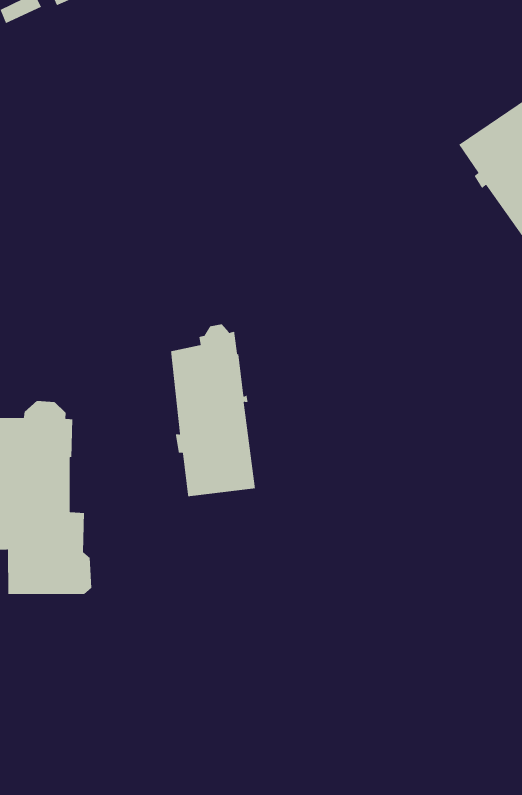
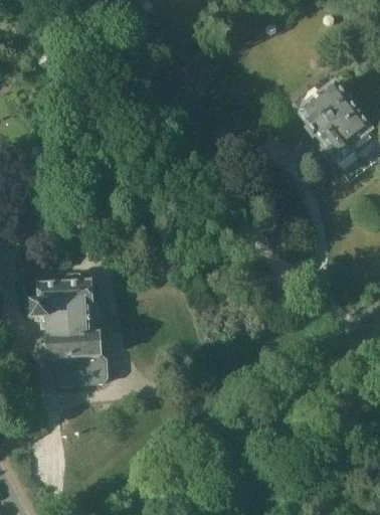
building: [170,323,256,497] -> none

